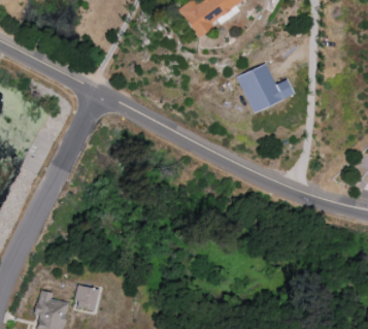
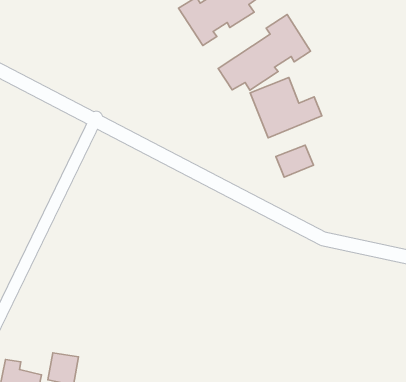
building: none -> [218,15,310,90]
building: none -> [276,145,314,177]

